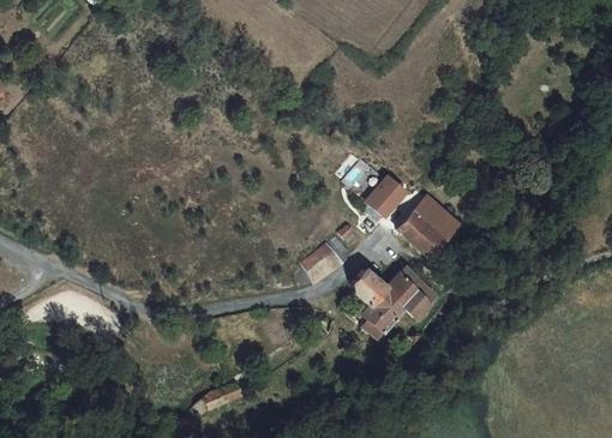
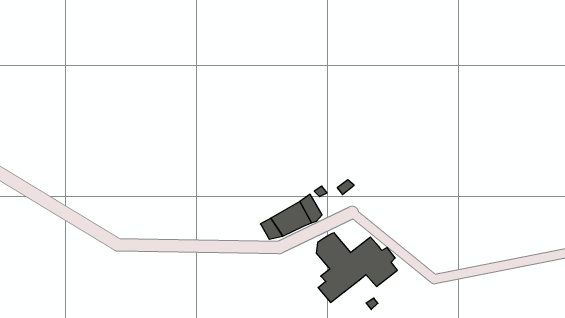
building: [367,174,407,212] -> none
building: [397,197,458,256] -> none

